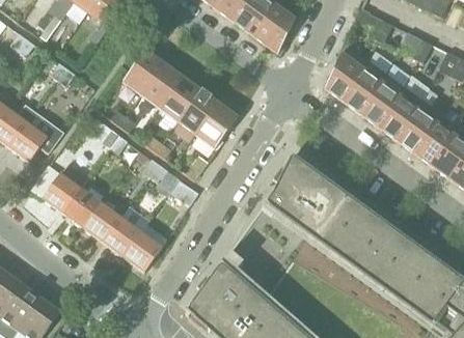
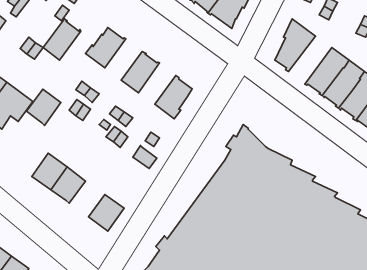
building: [339,60,386,112] -> none
building: [141,63,182,108] -> [43,19,81,60]
building: [178,89,218,134] -> none
building: [43,172,80,212] -> [26,89,61,126]
building: [103,205,143,255] -> none

